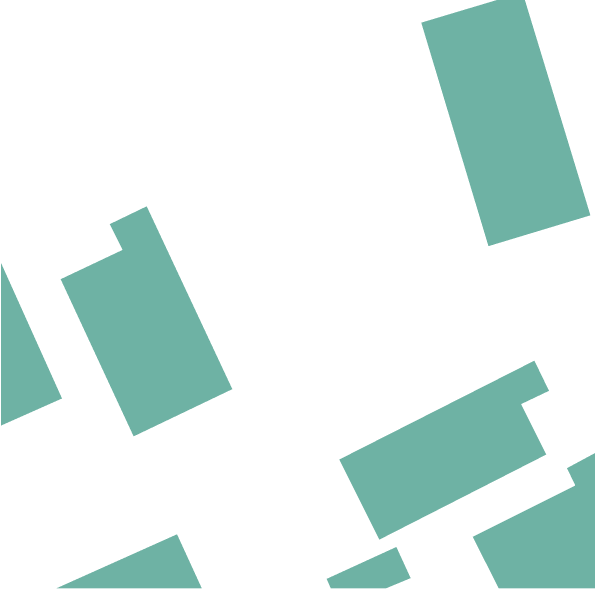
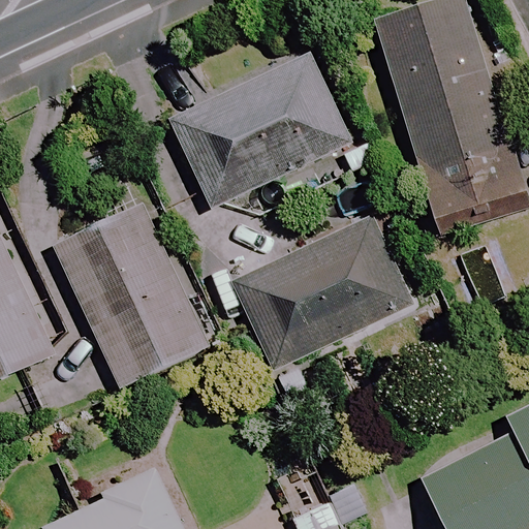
building: none -> [167,53,378,217]
building: none -> [231,213,410,371]
building: [338,359,550,541] -> none

